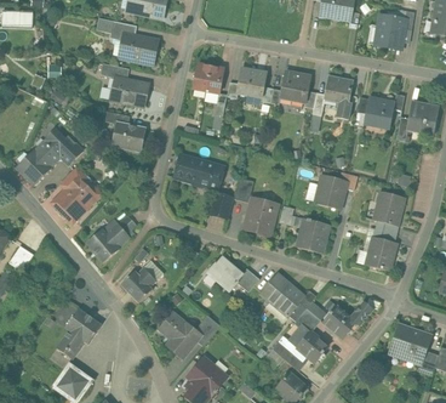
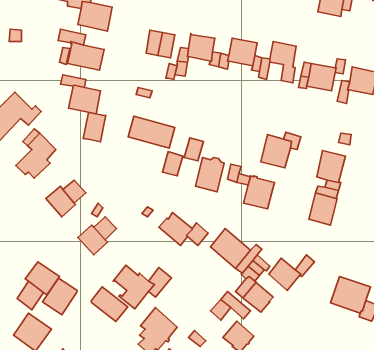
building: none -> [83,112,106,142]
building: none -> [42,278,77,315]
building: none -> [91,287,128,322]

